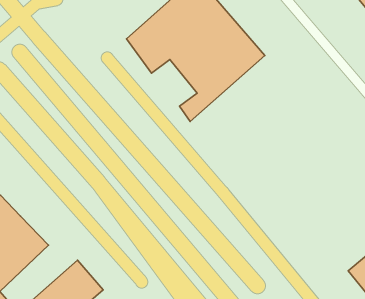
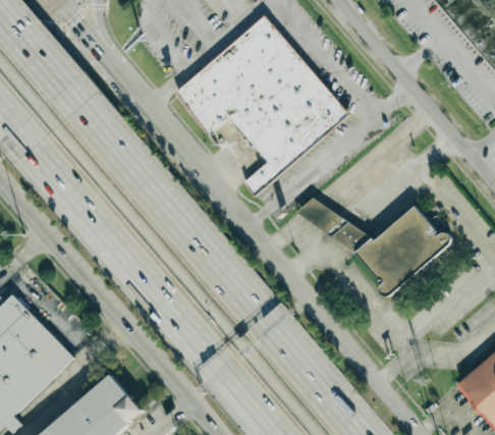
building: none -> [297,199,452,297]

